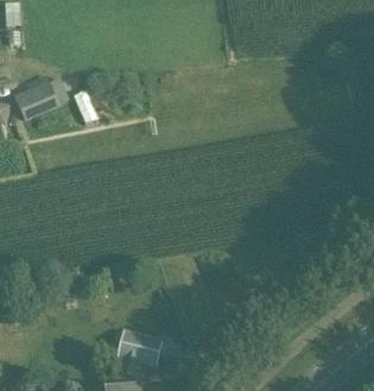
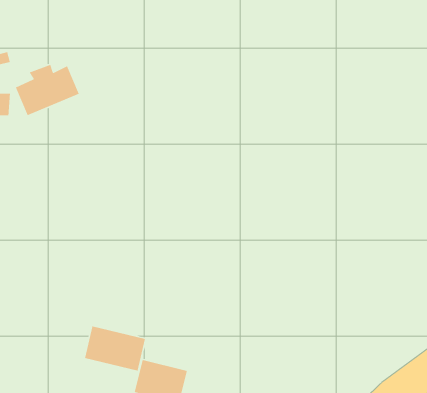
building: none -> [84,325,146,371]

